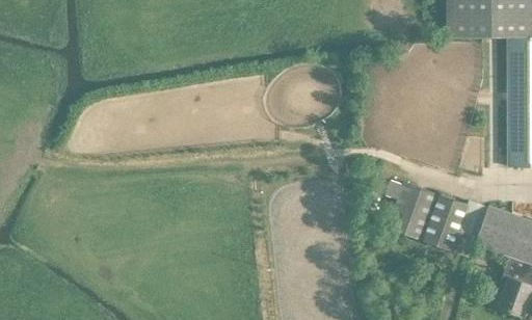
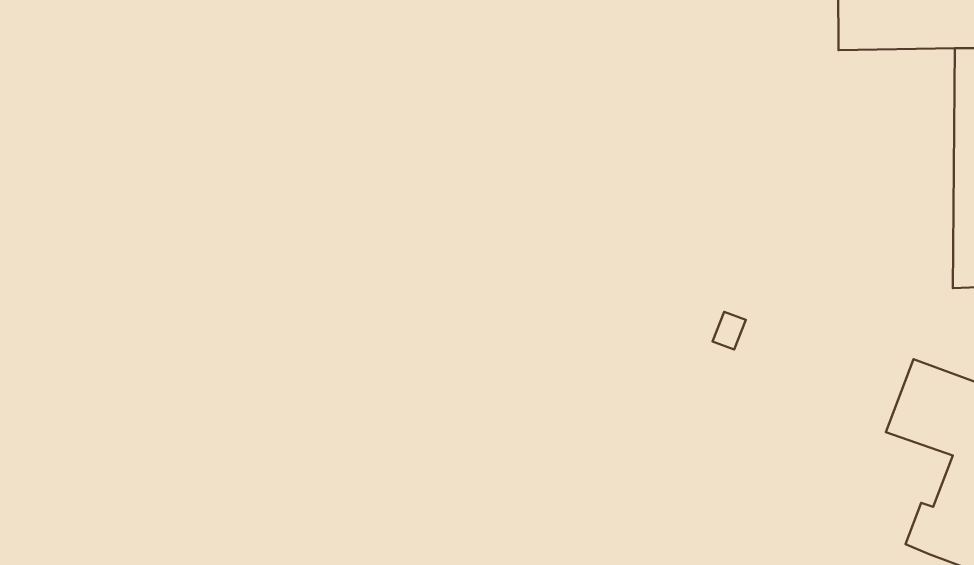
building: [388,184,434,239] -> none
building: [423,196,469,251] -> none

